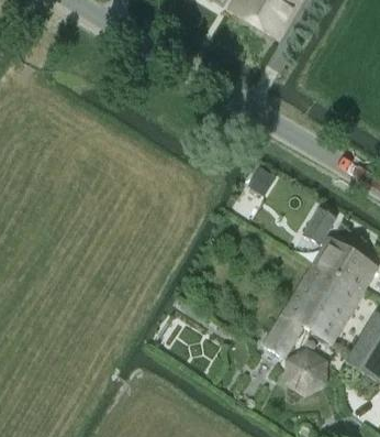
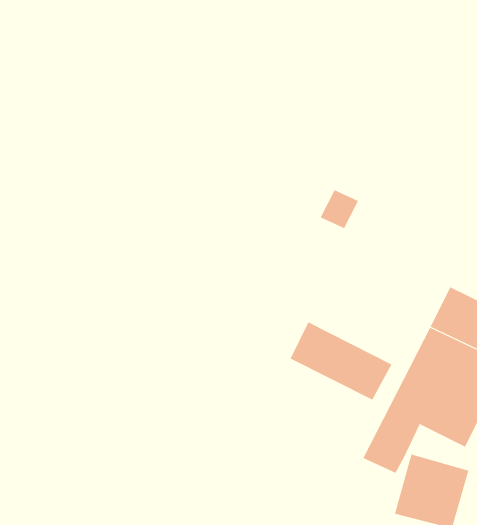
building: [304,206,337,243] -> none
building: none -> [290,321,392,400]

